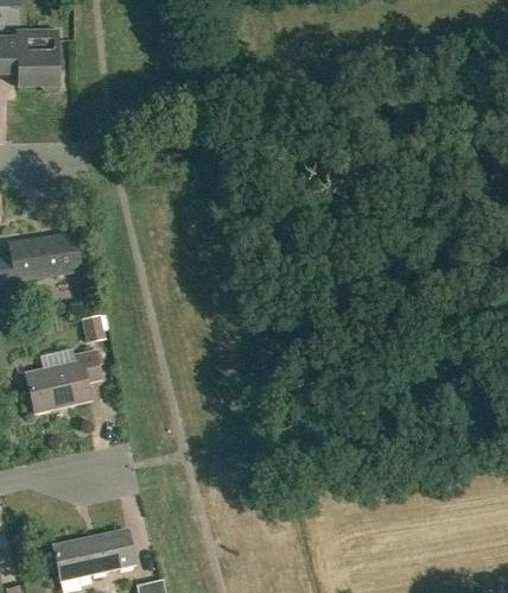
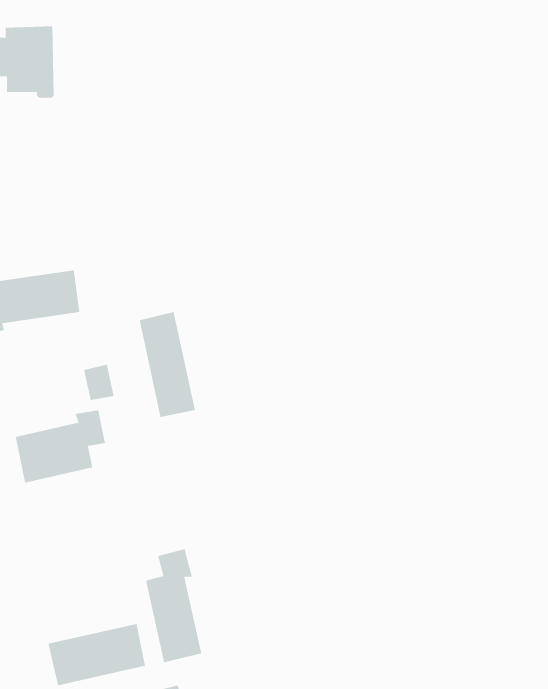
building: none -> [139,311,196,418]
building: none -> [145,548,202,663]

